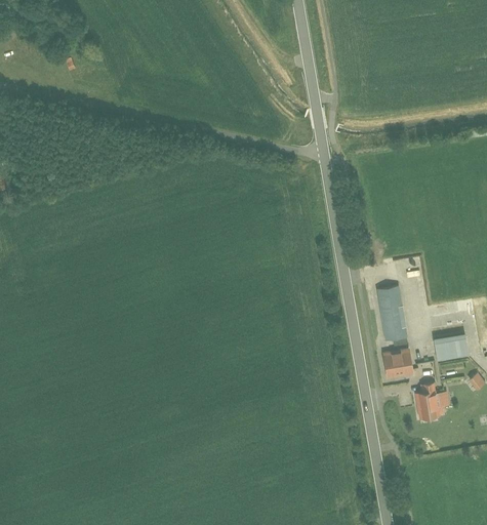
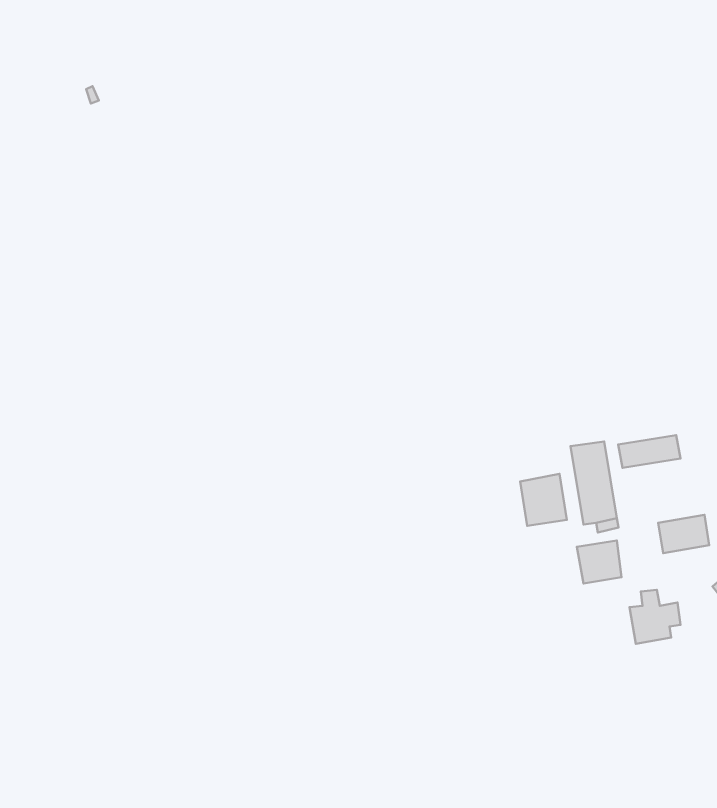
building: none -> [618,435,680,468]
building: none -> [520,474,567,526]

